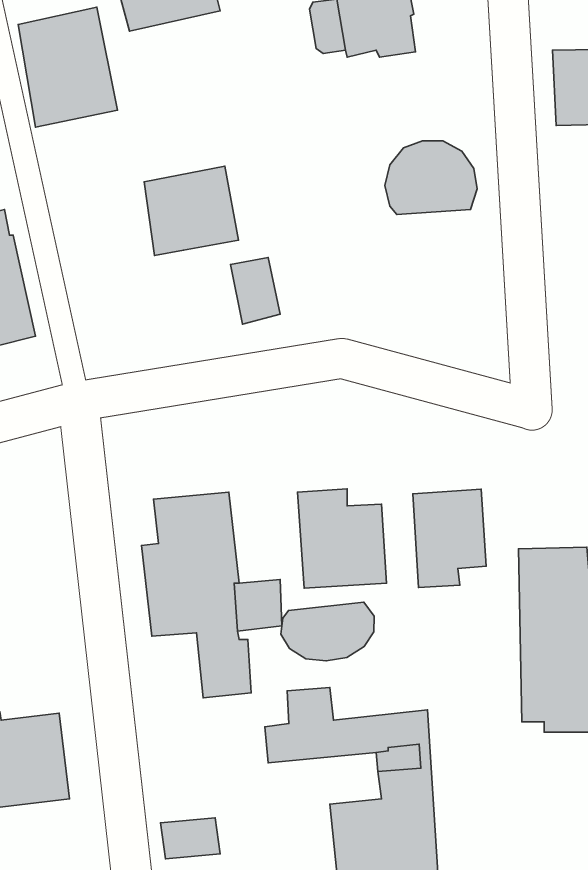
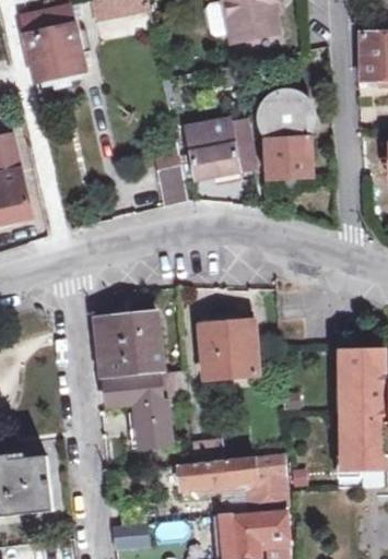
building: [144,166,238,255] -> [188,120,248,177]
building: none -> [261,135,311,178]
building: [413,489,486,588] -> none
building: [281,602,374,661] -> none

